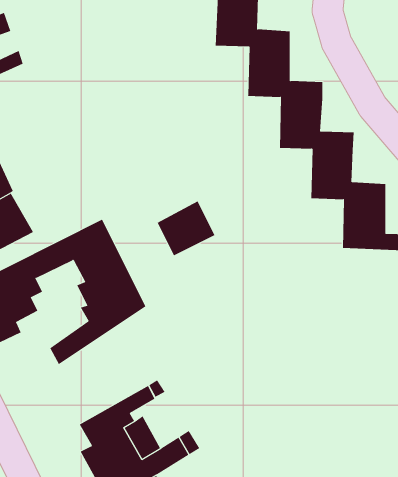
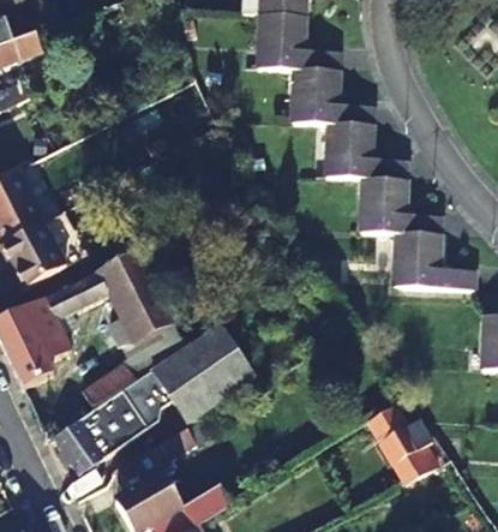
building: [157,200,215,256] -> none
building: none -> [54,327,254,476]
building: none -> [365,407,431,486]

